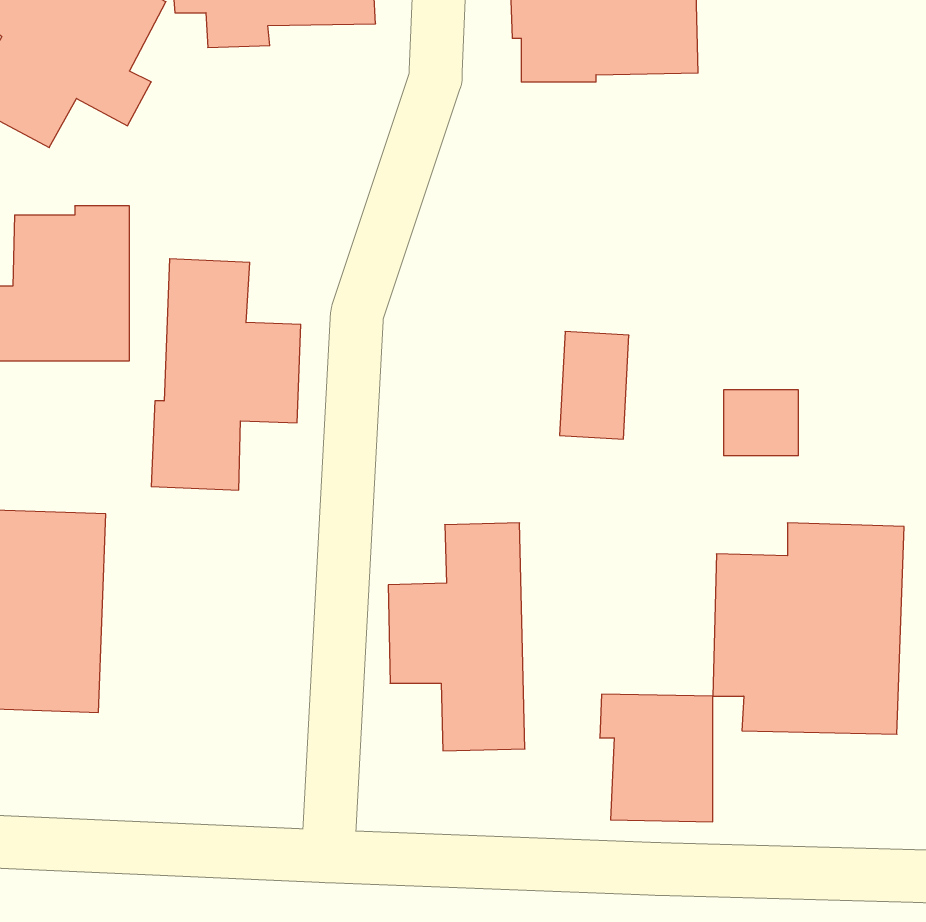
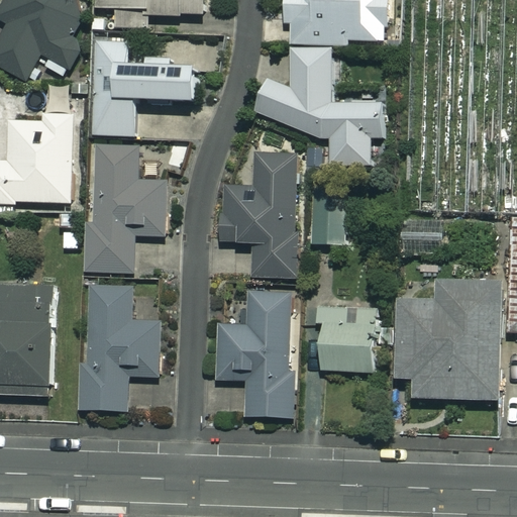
building: none -> [94,40,195,134]
building: none -> [252,45,382,166]
building: none -> [221,152,295,276]
building: none -> [78,284,158,410]
building: [600,694,713,822] -> [313,299,376,370]

